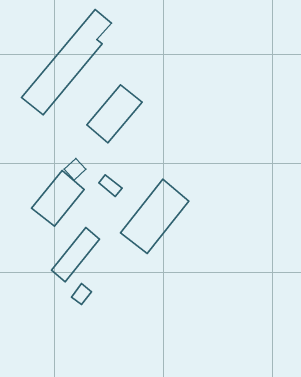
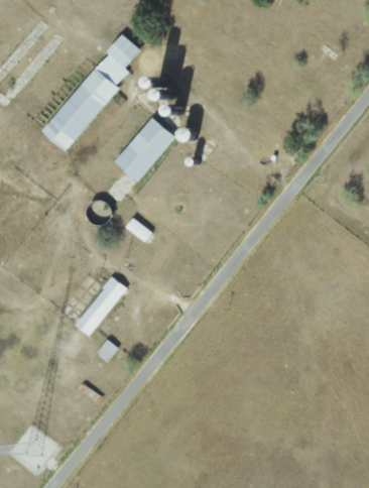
building: [31,170,84,226] -> none
building: [120,179,189,254] -> none

